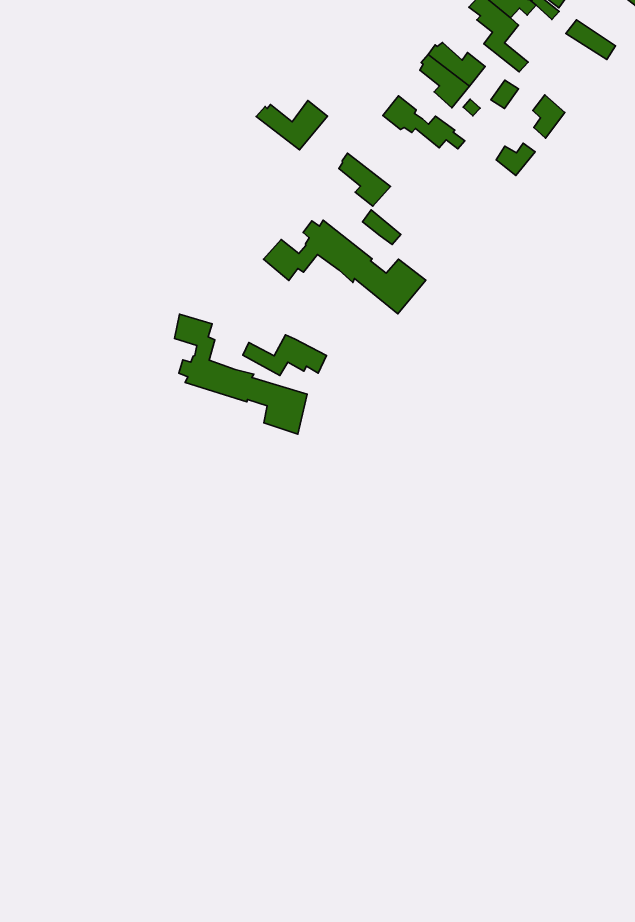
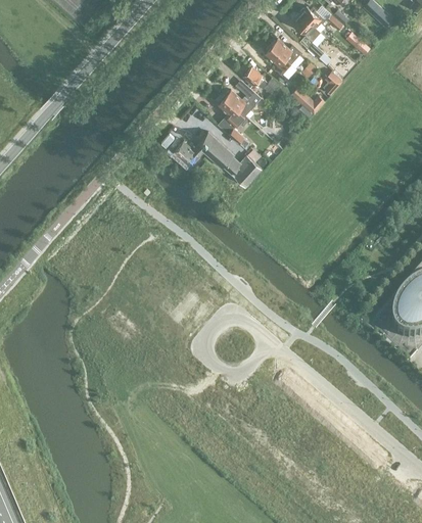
building: [256,100,328,150] -> [220,87,259,113]
building: [175,314,307,434] -> none
building: [243,335,327,376] -> none

